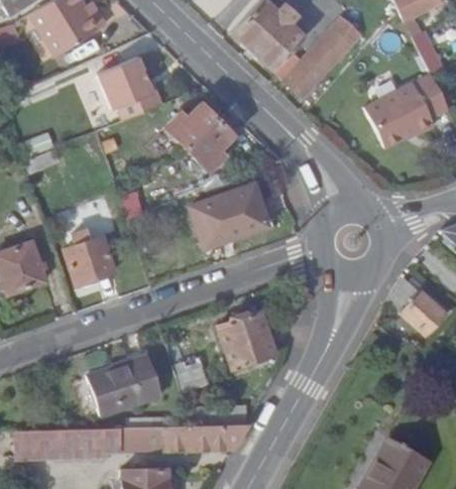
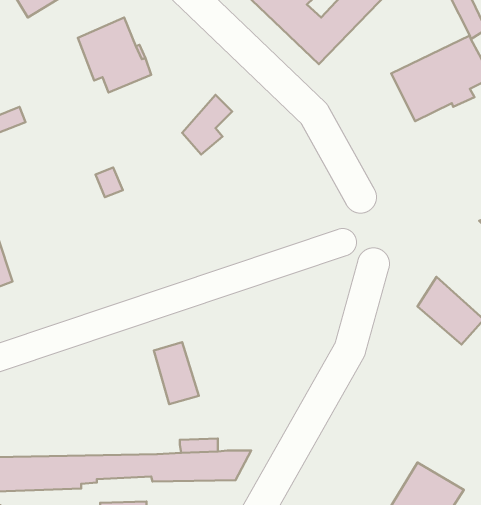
building: [165,105,217,155] -> none
building: [190,185,267,249] -> none
building: [64,230,113,284] -> none
building: [218,311,274,368] -> none
building: [94,352,168,414] -> none

